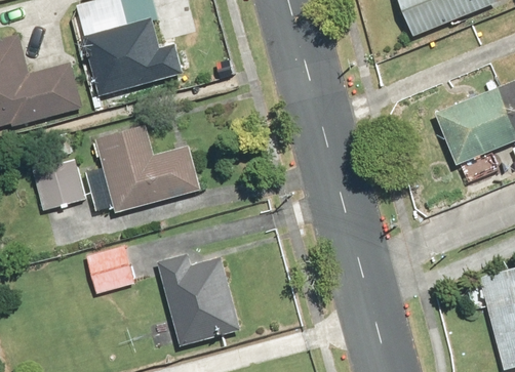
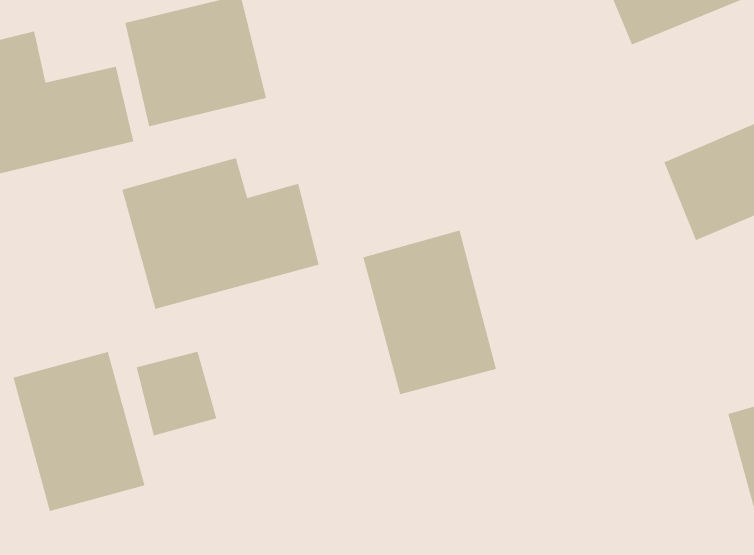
building: [30,152,90,212] -> none
building: [161,239,247,344] -> [363,230,497,395]
building: none -> [13,351,145,512]

